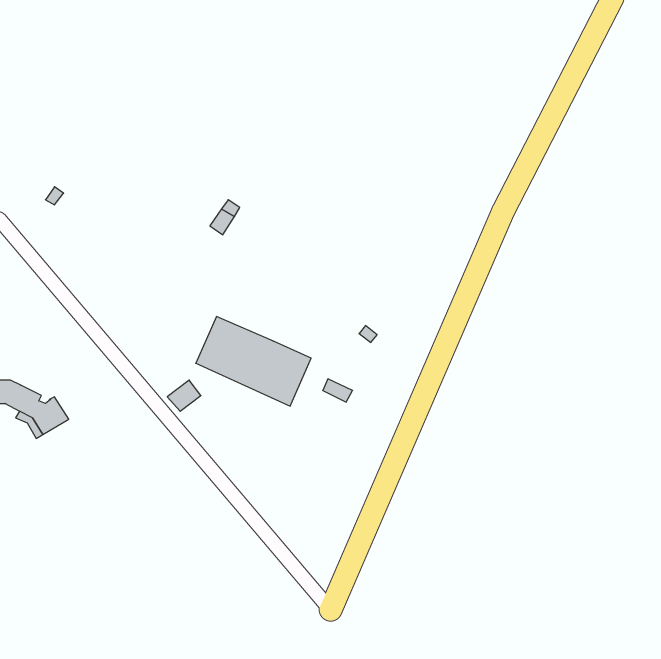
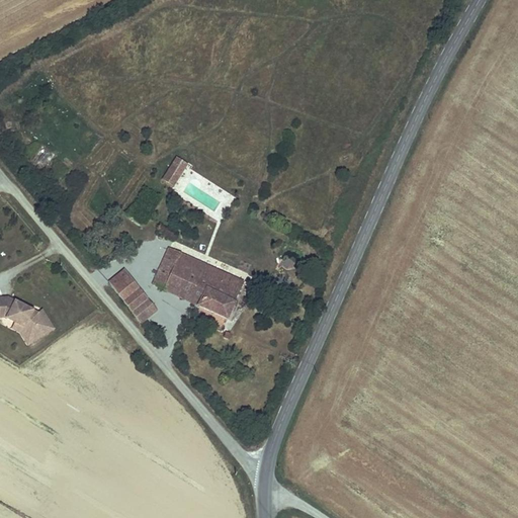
building: none -> [109,267,148,310]

